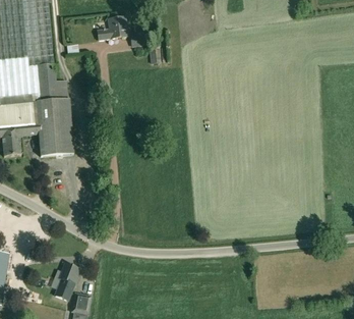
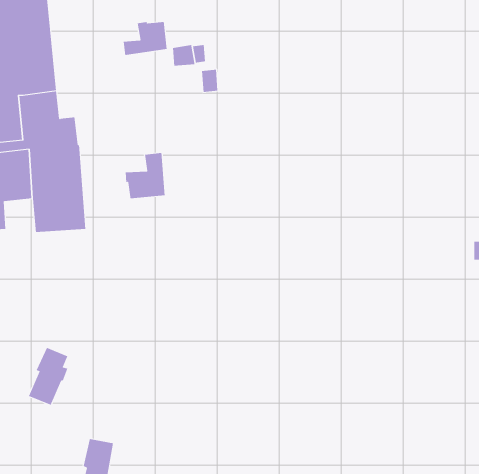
building: none -> [125,152,165,199]
building: [52,262,78,301] -> [28,347,68,406]

